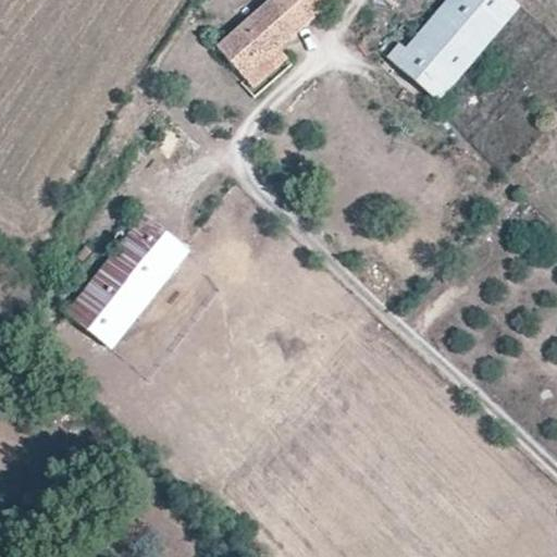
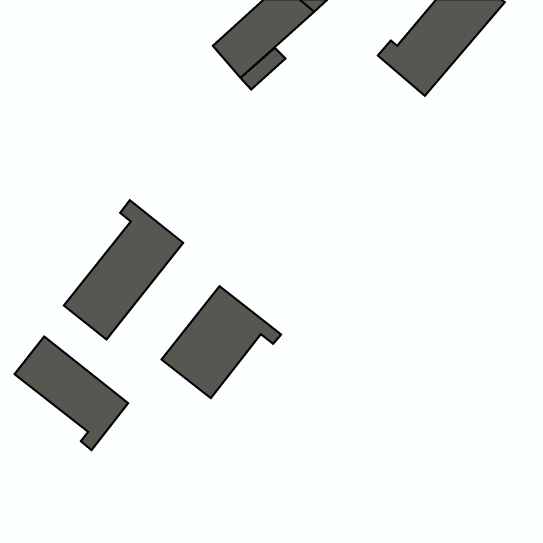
building: none -> [162,286,281,398]
building: none -> [15,336,128,450]

